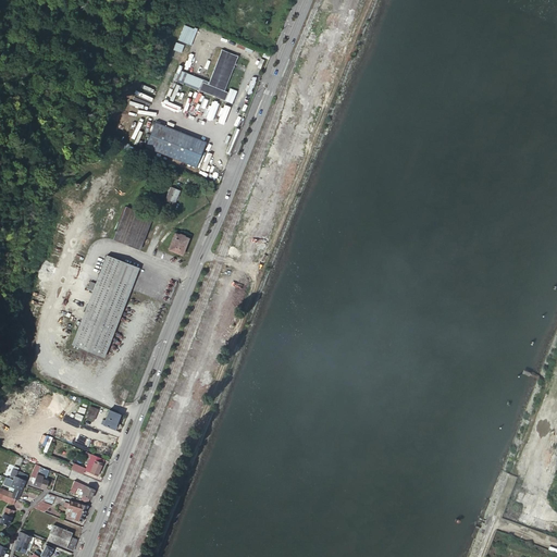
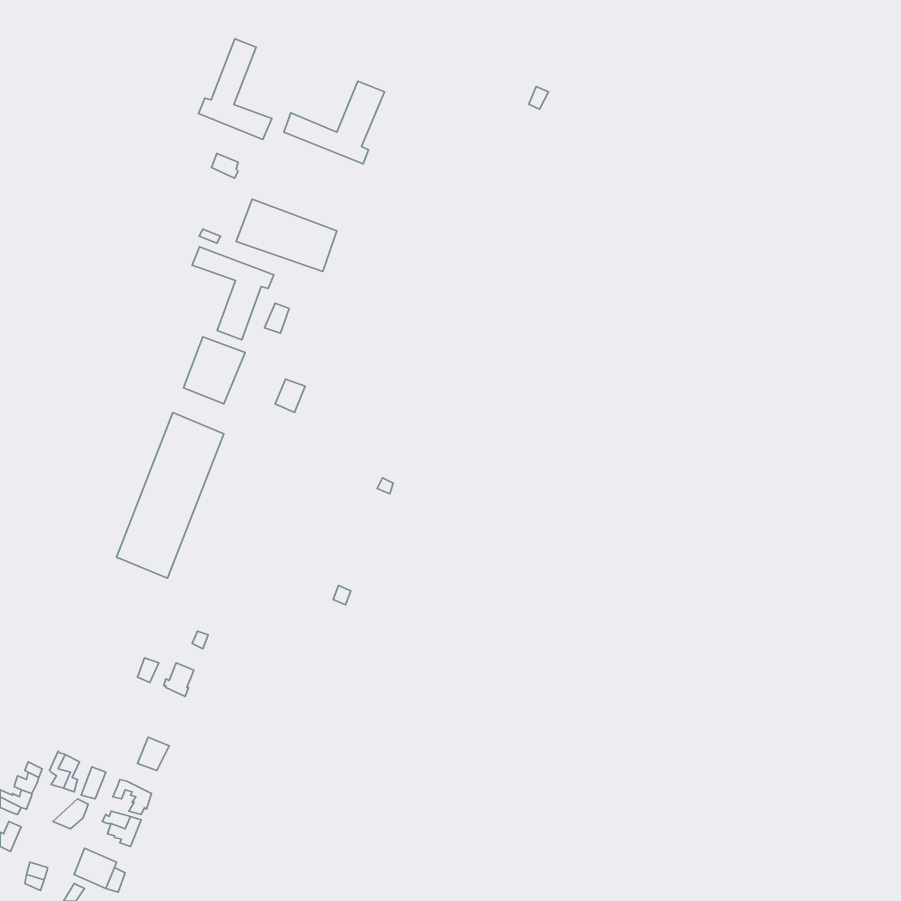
building: none -> [198,39,272,139]
building: none -> [192,247,274,340]

